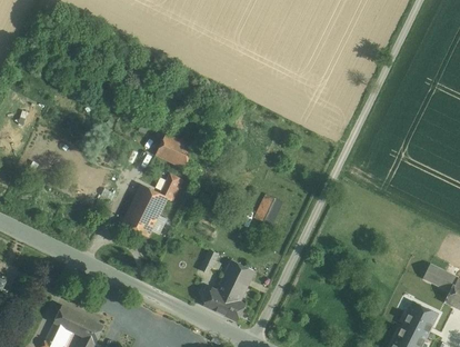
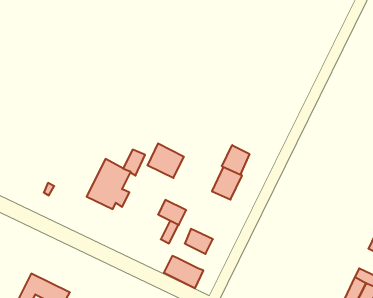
building: [156,131,194,168] -> [147,143,184,178]
building: none -> [222,145,249,175]
building: [218,274,248,300] -> [158,200,186,225]

